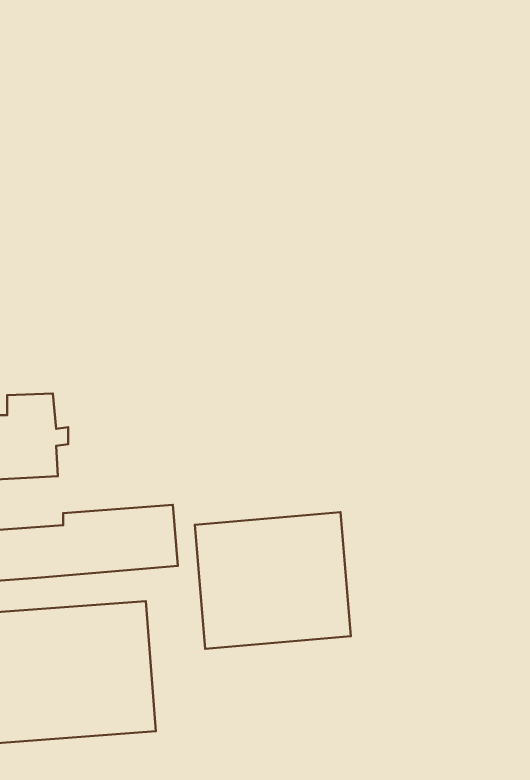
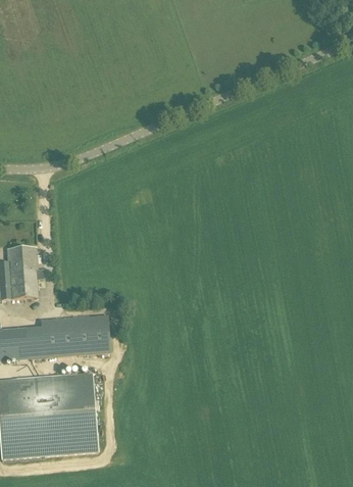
building: [195,512,351,649] -> none

